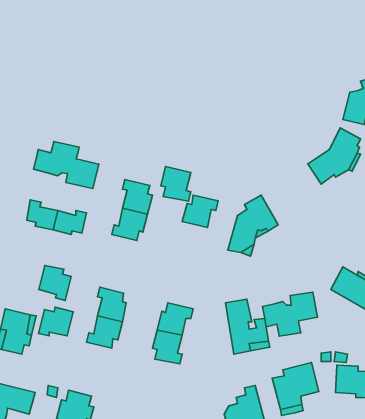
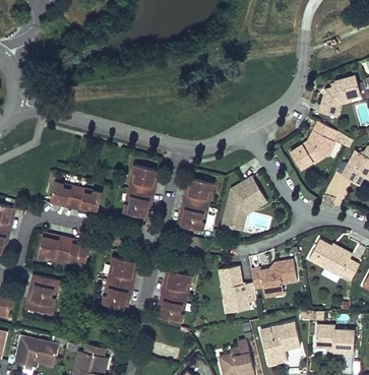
building: [34,141,99,189] -> none
building: [161,167,191,201] -> [179,200,204,230]
building: [39,307,73,336] -> [37,234,66,258]

